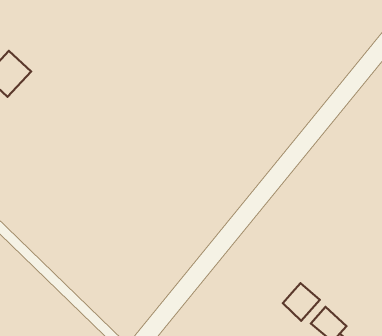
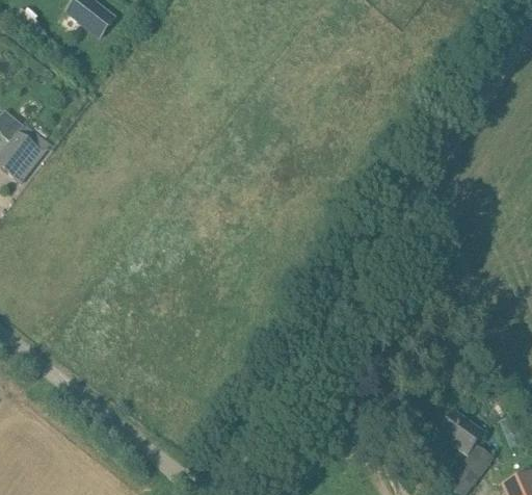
building: [283,283,320,321] -> none

